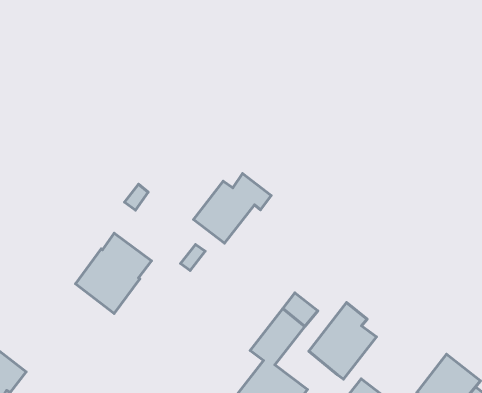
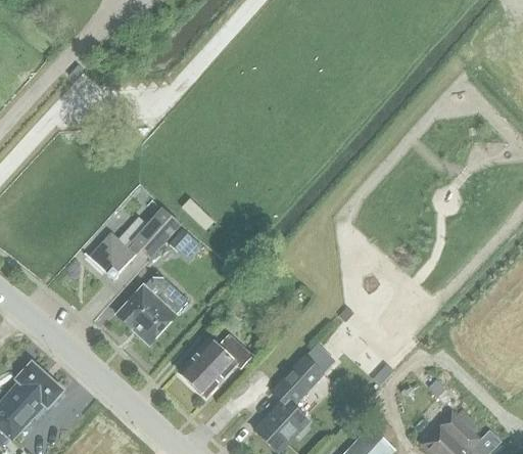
building: none -> [90,209,179,279]
building: [193,174,271,243] -> [179,333,252,396]
building: [309,303,376,379] -> none

